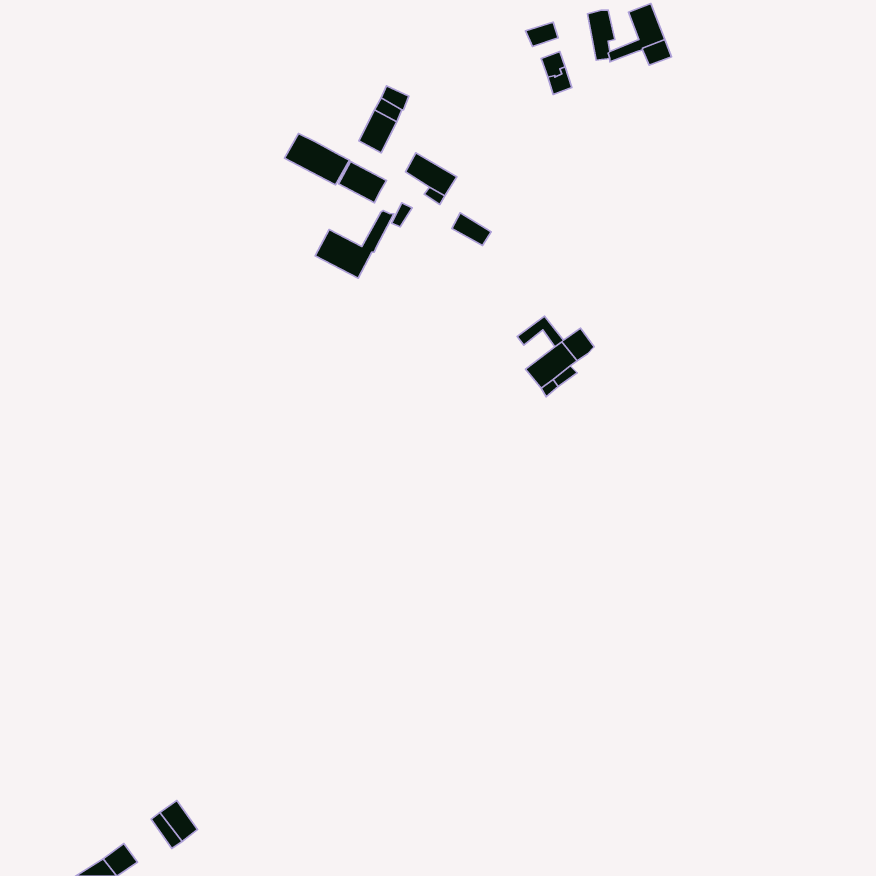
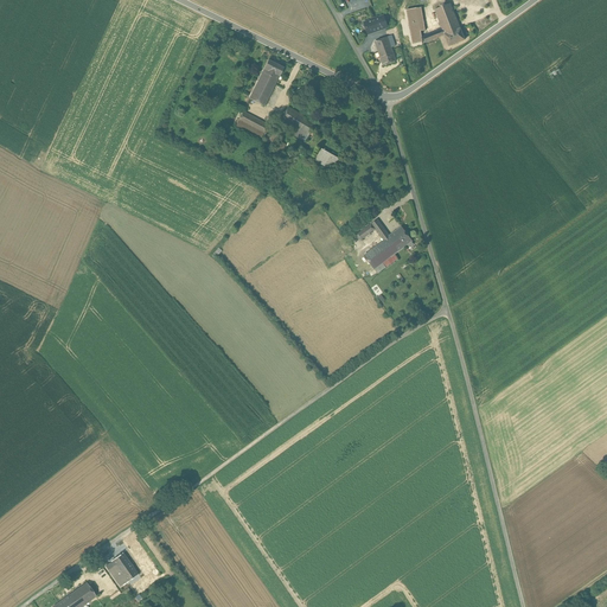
building: [285,134,350,185] -> none
building: [315,210,394,278] -> none

